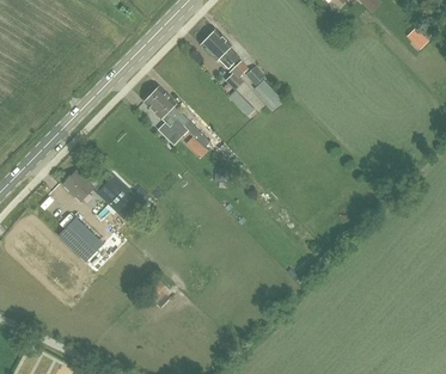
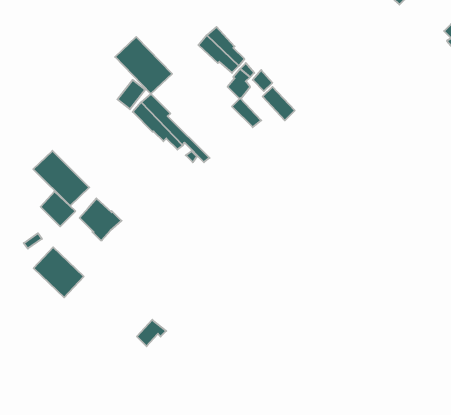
building: none -> [115,37,172,94]
building: none -> [33,151,89,206]

